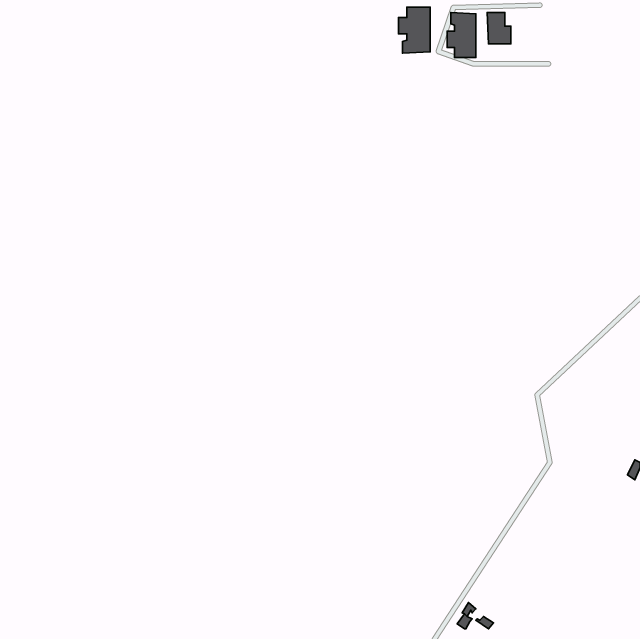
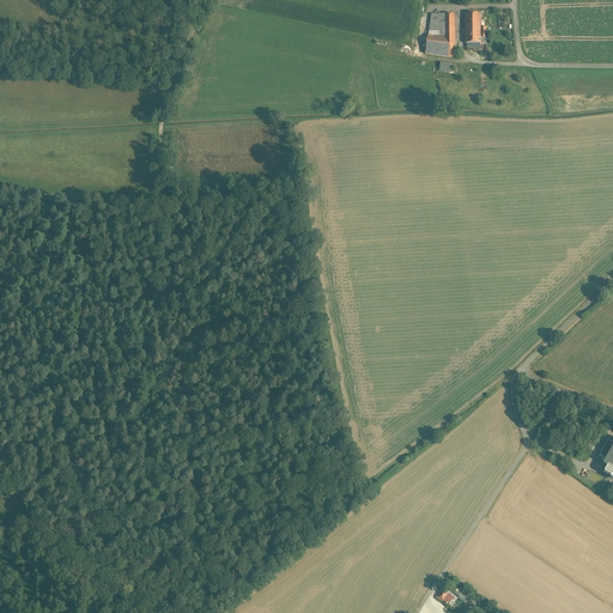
building: [399,7,430,53] -> none

